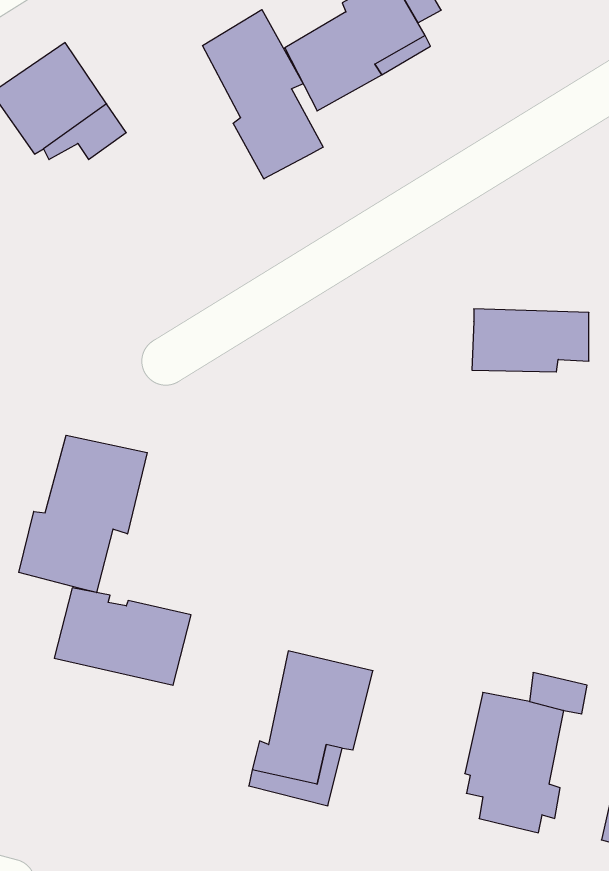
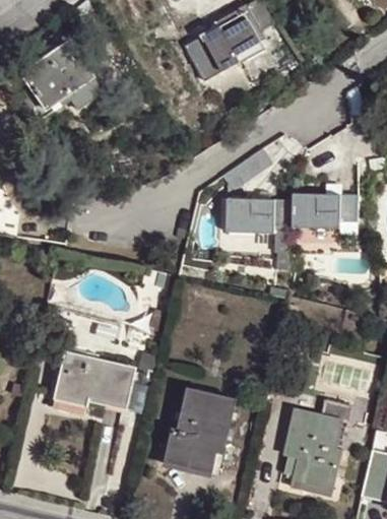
building: [203,10,323,179] -> none
building: none -> [224,199,292,235]
building: [19,435,147,593] -> none

